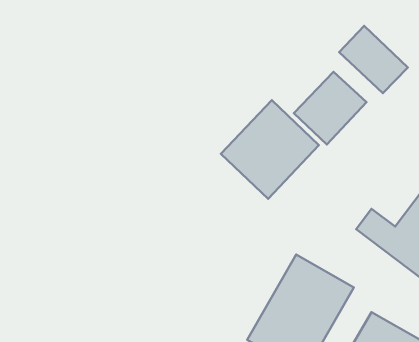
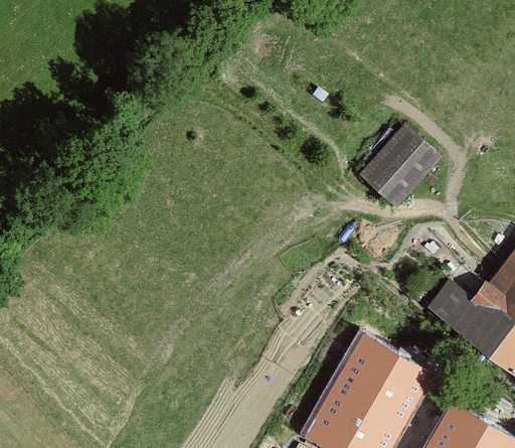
building: [339,26,408,93] -> none
building: [221,100,319,199] -> none

